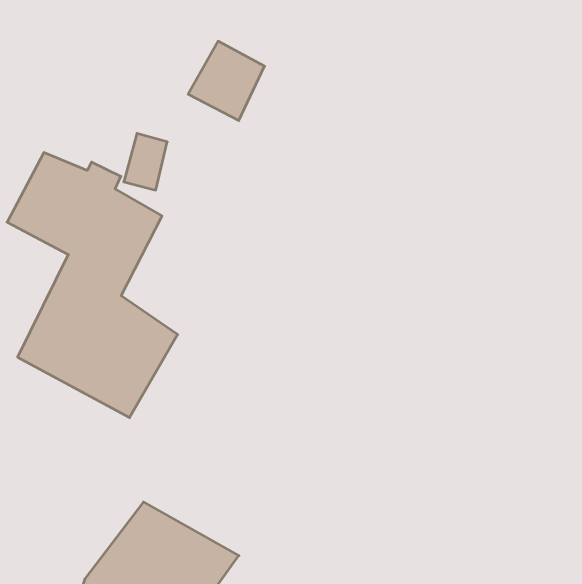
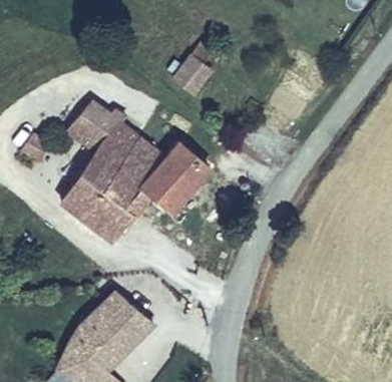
building: none -> [118,141,214,215]

